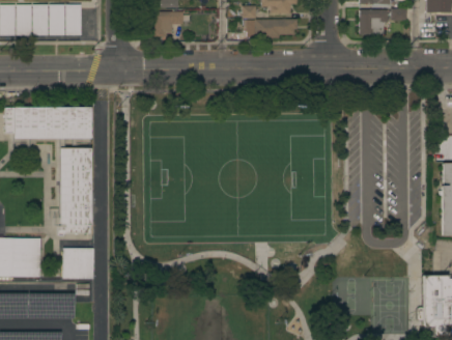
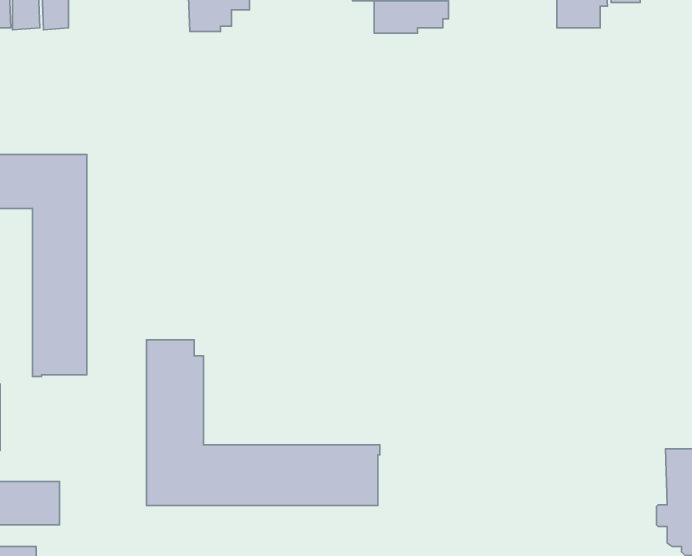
building: none -> [147,340,380,506]
building: [63,248,93,279] -> none

